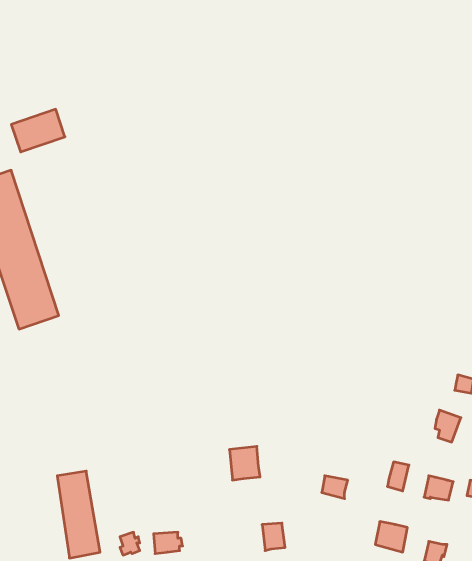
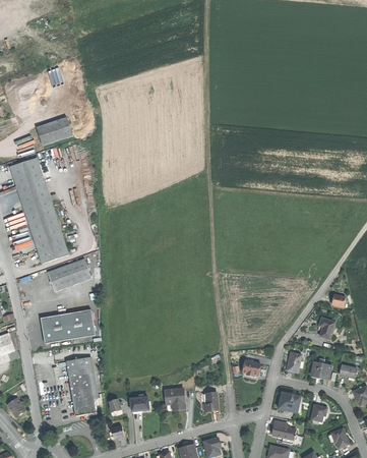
building: none -> [48,259,91,291]
building: none -> [41,310,96,344]
building: [229,446,260,480] -> [165,389,185,411]

